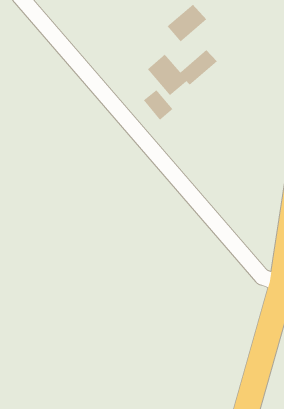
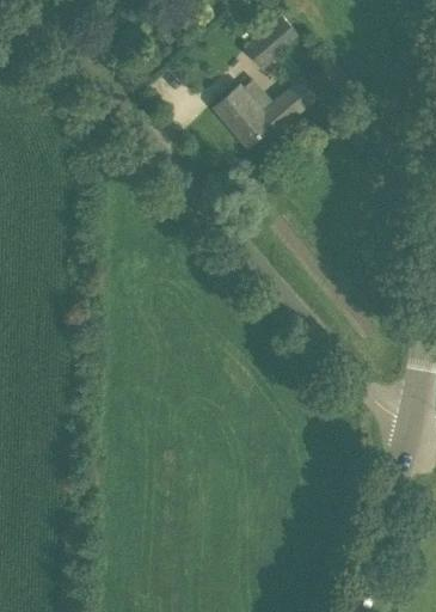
building: [143,89,174,121] -> none

